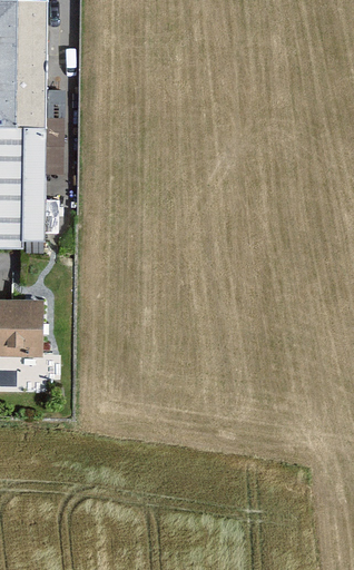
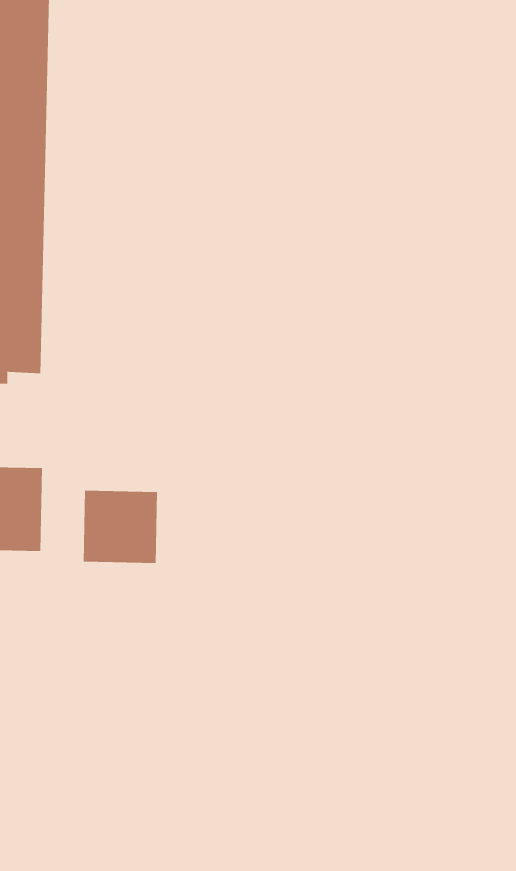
building: none -> [83,490,158,564]

